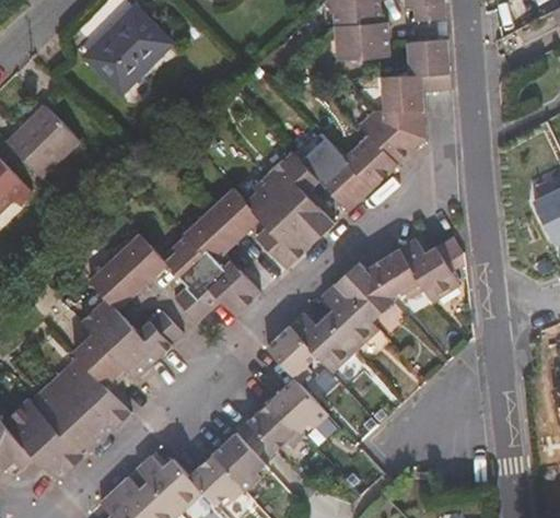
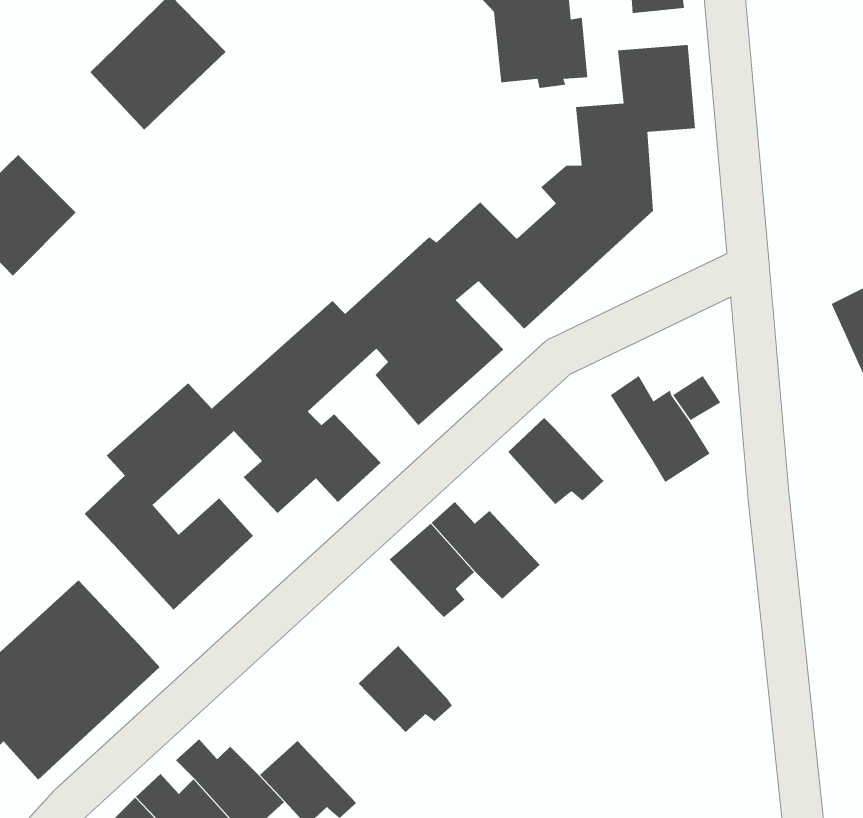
building: [365,249,423,301] -> none
building: [322,283,380,351] -> none
building: [80,339,137,398] -> none
building: [271,378,329,432] -> none
building: [211,434,266,493] -> none

